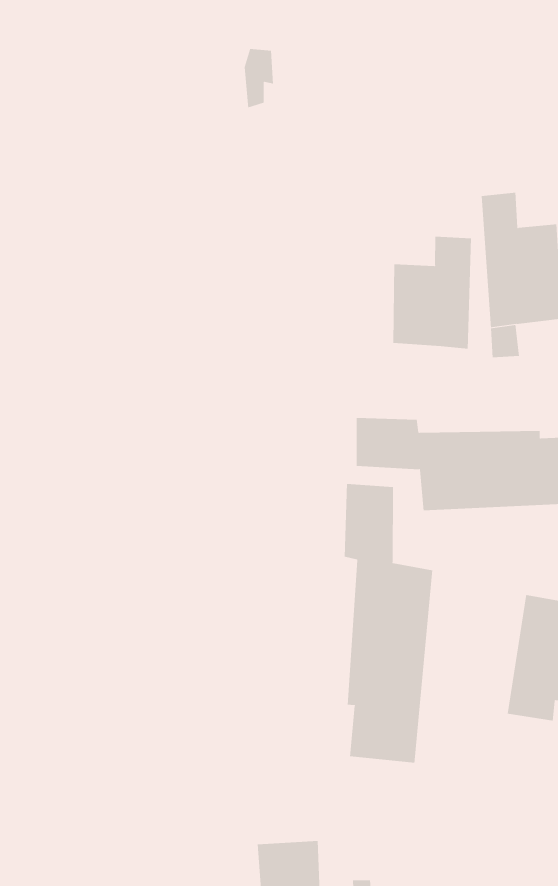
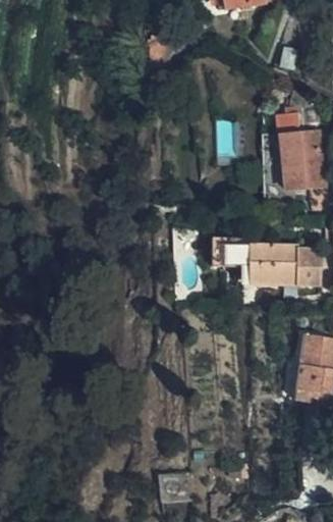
building: [393,236,471,349] -> none
building: [344,483,433,764] -> none

